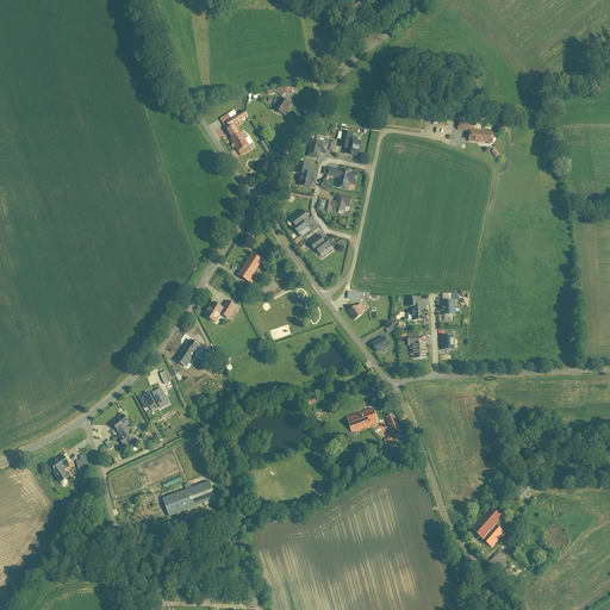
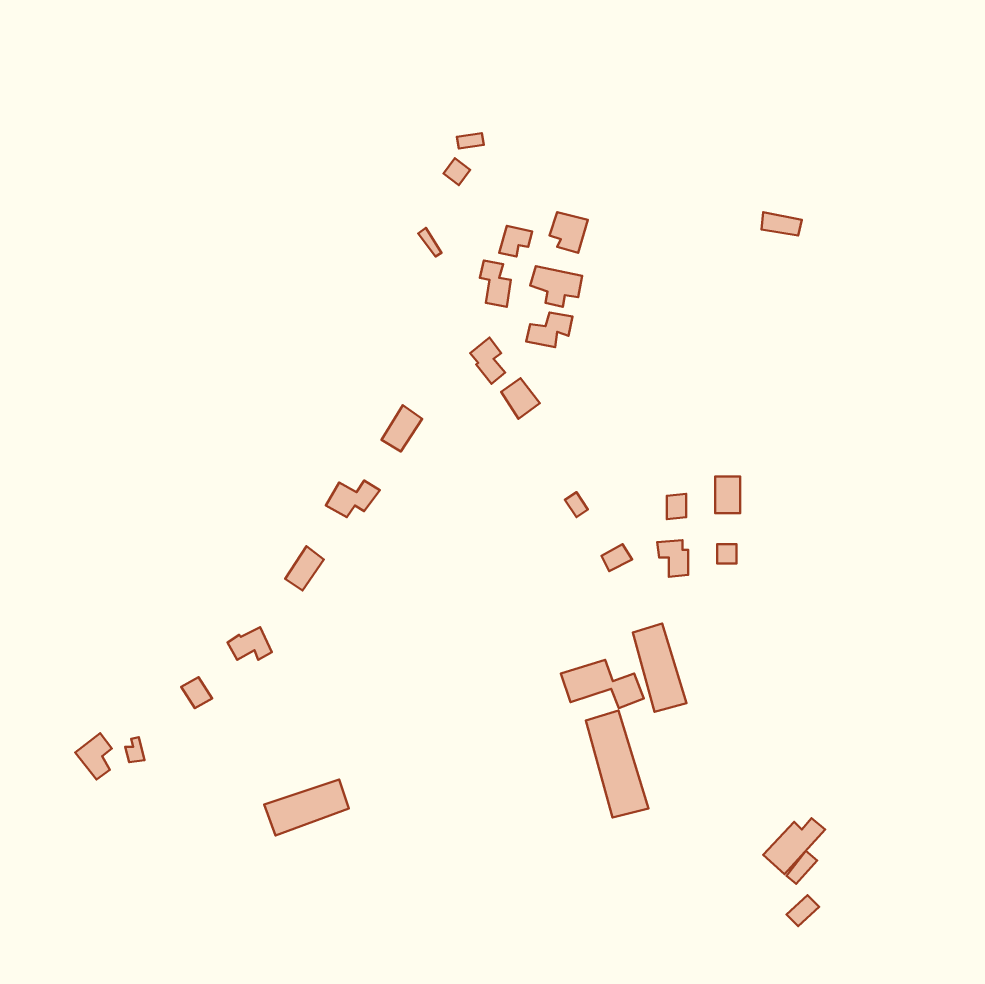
building: [220,108,249,149] -> none
building: none -> [633,624,686,712]
building: none -> [586,711,648,818]

